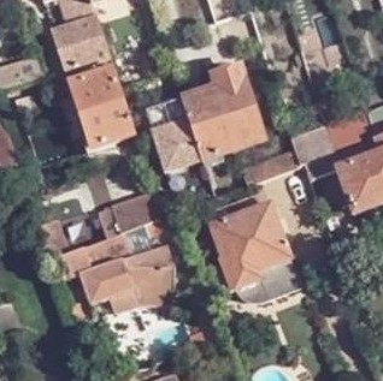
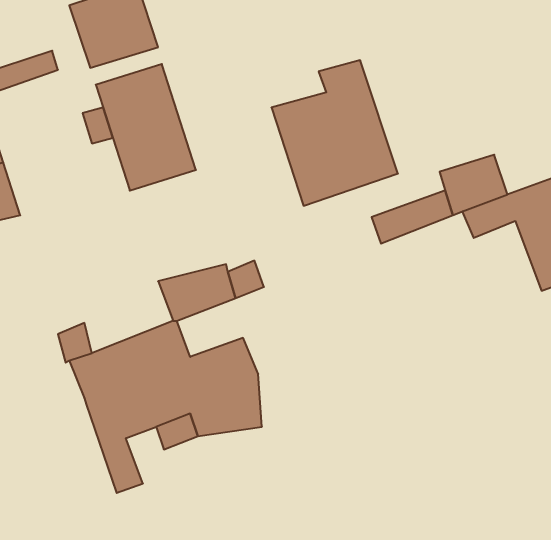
building: [146,95,201,168] -> none
building: [210,202,300,298] -> none

